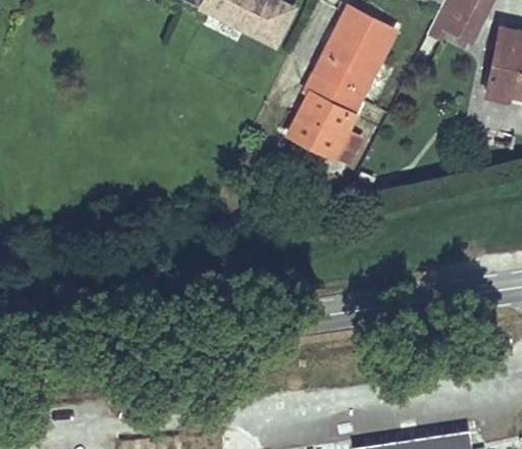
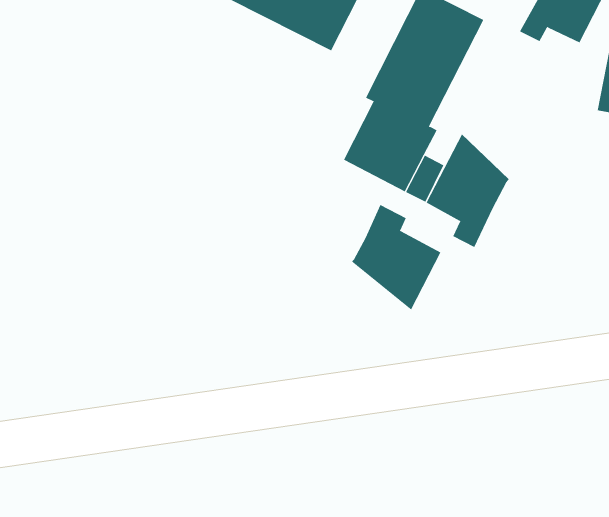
building: none -> [426,133,509,248]
building: none -> [351,204,441,310]

